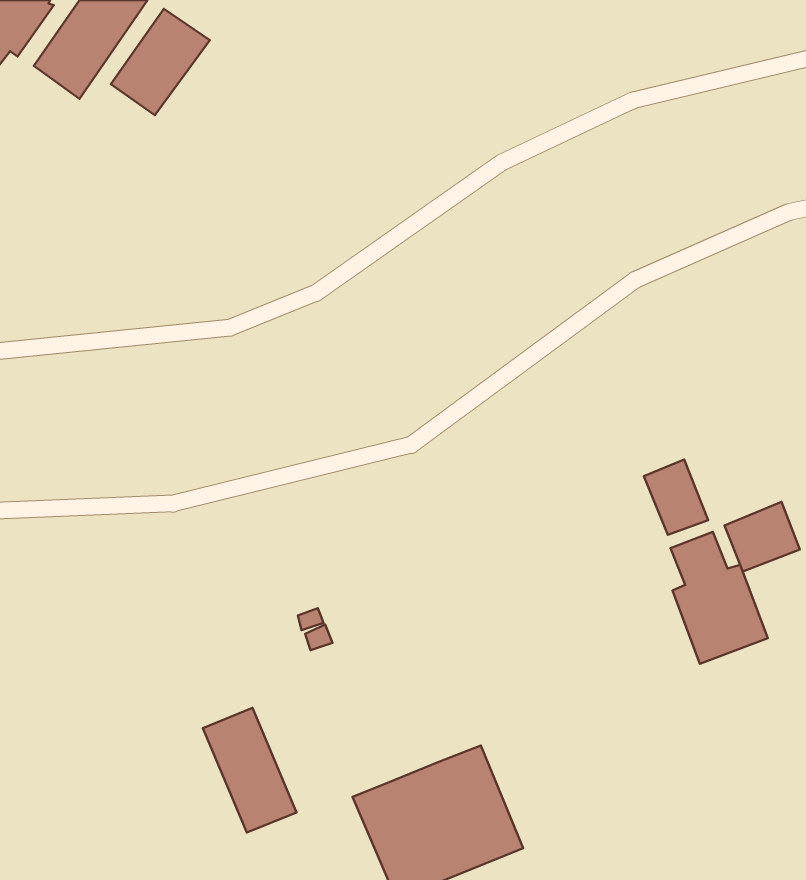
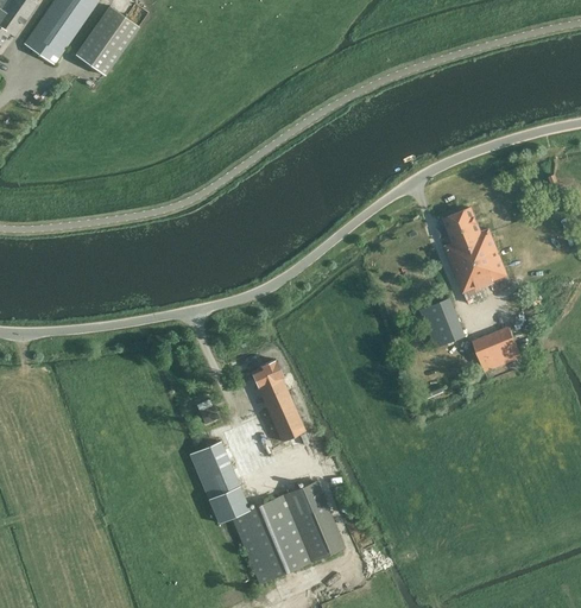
building: [671,532,768,664] -> [443,207,506,292]
building: none -> [251,359,305,441]
building: [203,708,296,833] -> [189,442,250,522]

